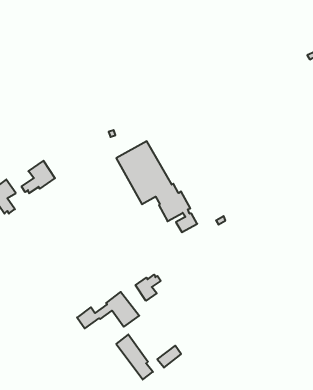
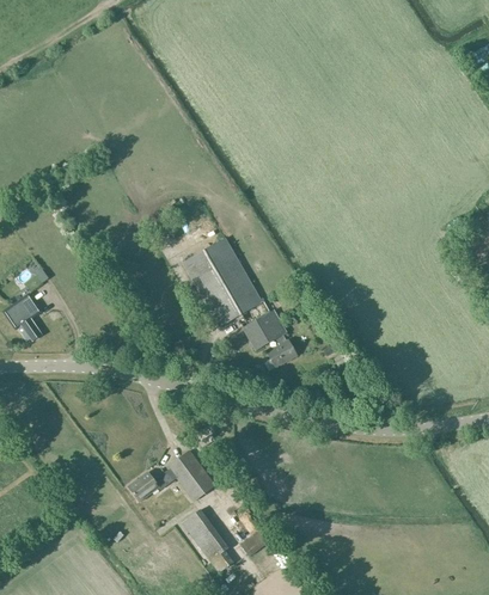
building: [22,161,55,193] -> none
building: [136,275,161,301] -> none

